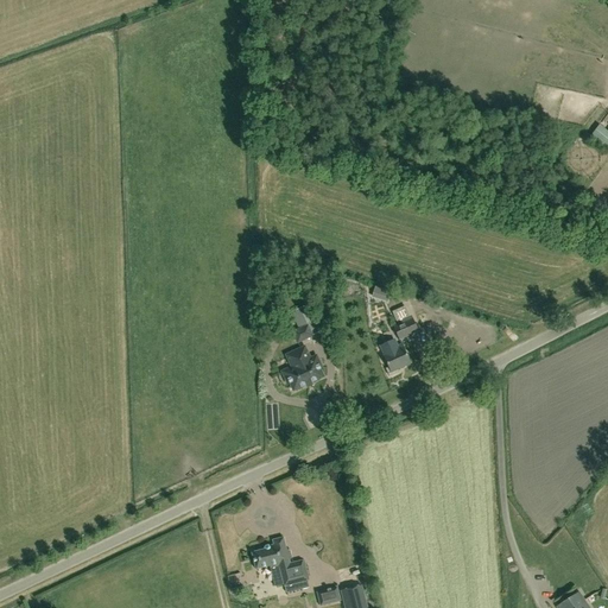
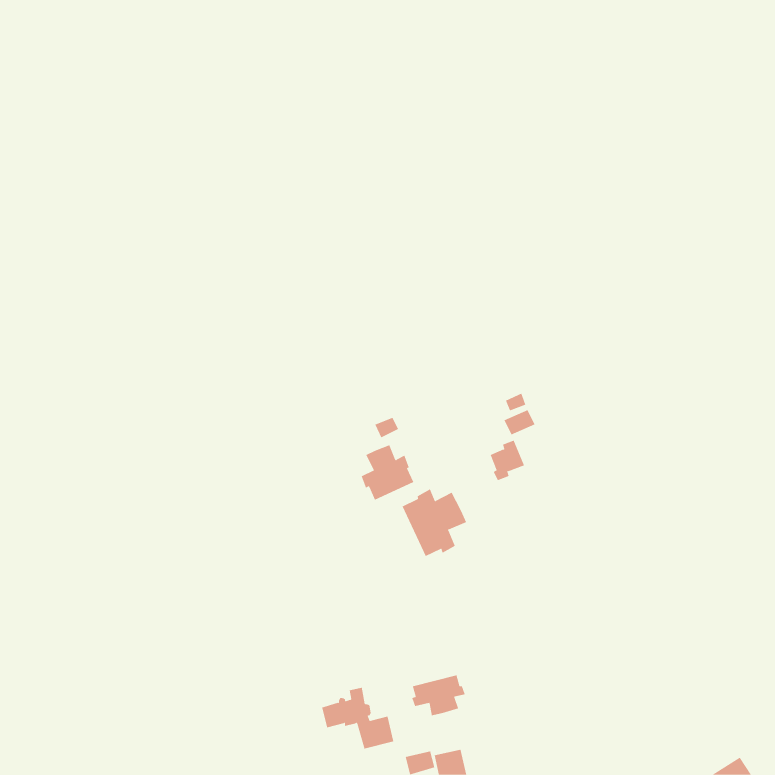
building: none -> [402,489,467,557]
building: none -> [412,675,465,716]

